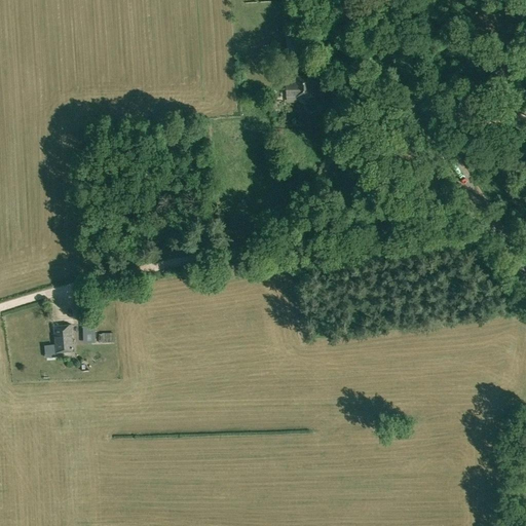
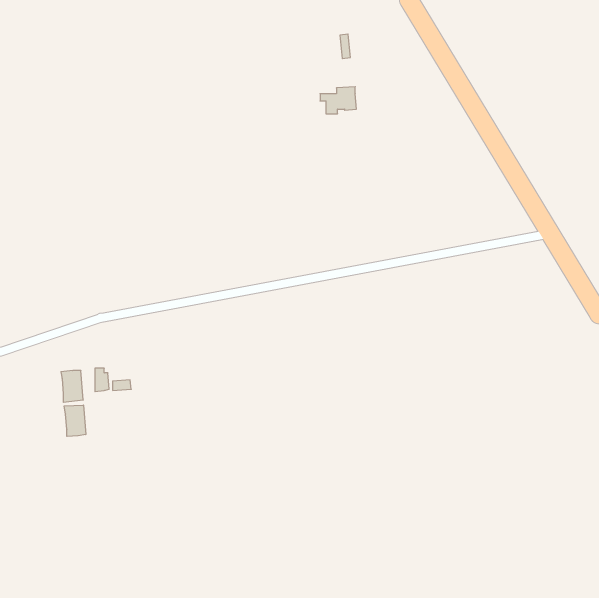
building: none -> [64,405,86,436]

